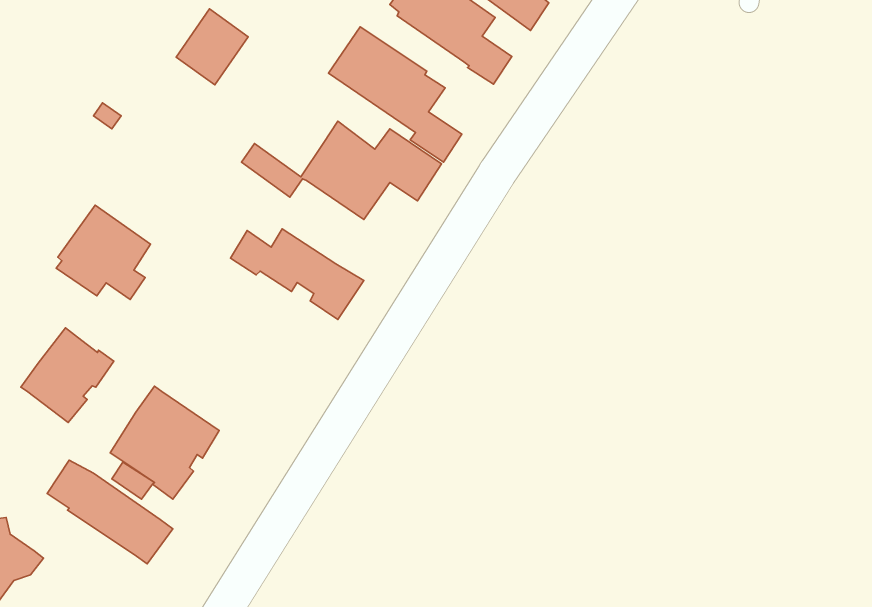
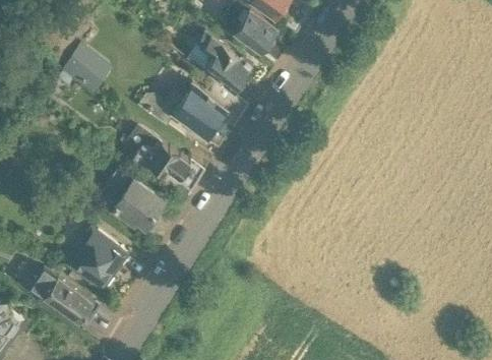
building: [176,9,248,85] -> [62,45,102,86]
building: [56,205,151,300] -> [111,179,163,231]
building: [21,328,114,423] -> none

